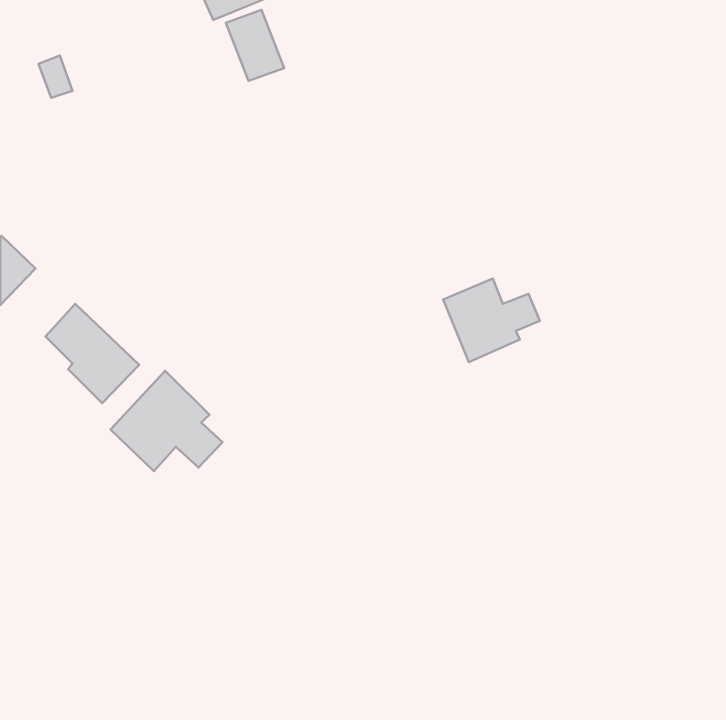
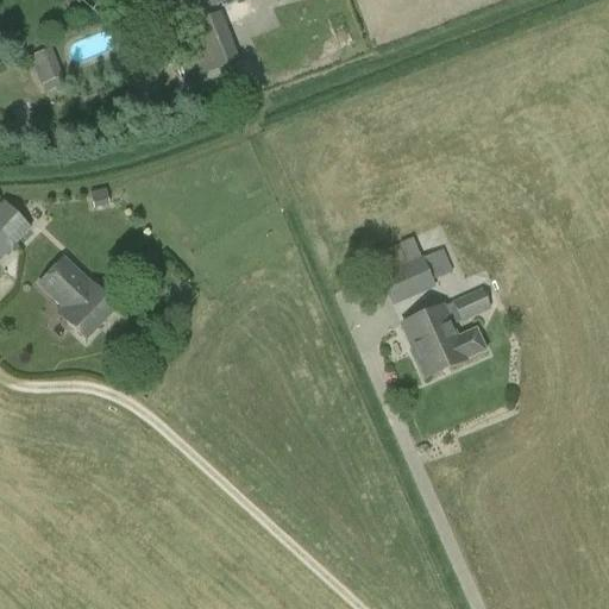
building: none -> [401,285,490,376]
building: [111,371,222,471] -> none

